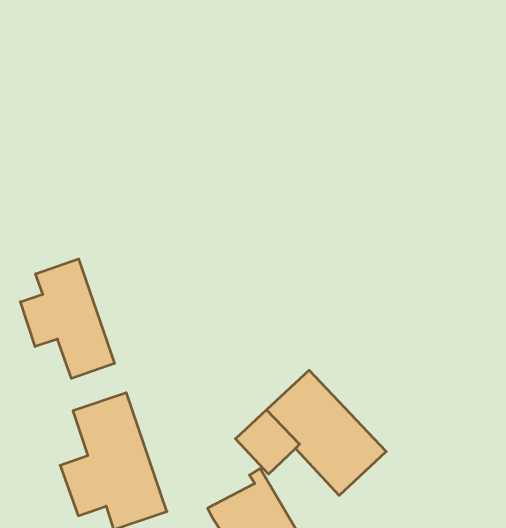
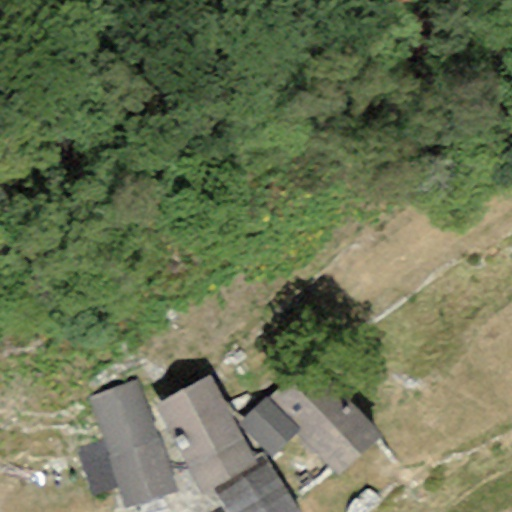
building: [20,259,114,378] -> none
building: none -> [155,376,258,496]

